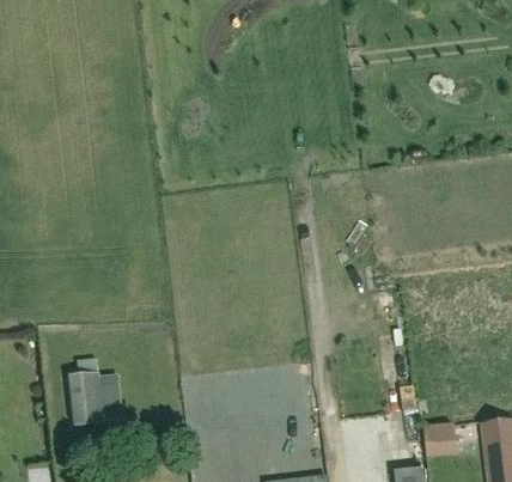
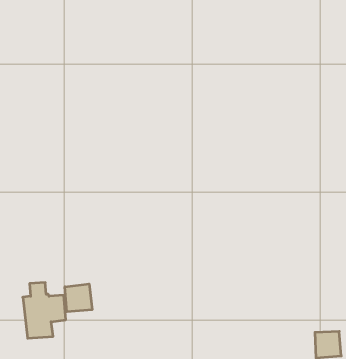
building: none -> [65,284,92,312]

